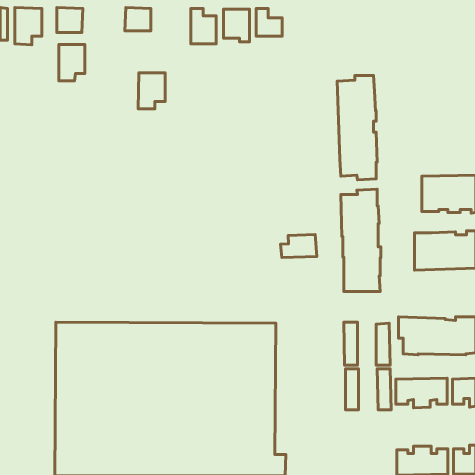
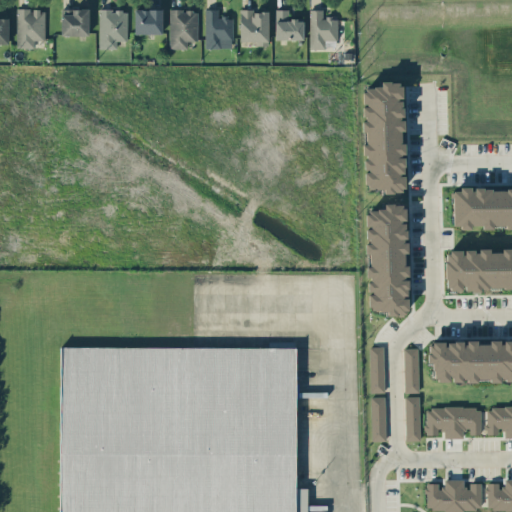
building: none -> [310,10,339,50]
building: [59,45,85,81] -> [100,10,128,49]
building: [138,73,165,109] -> [170,10,199,49]
building: [281,235,317,258] -> none

